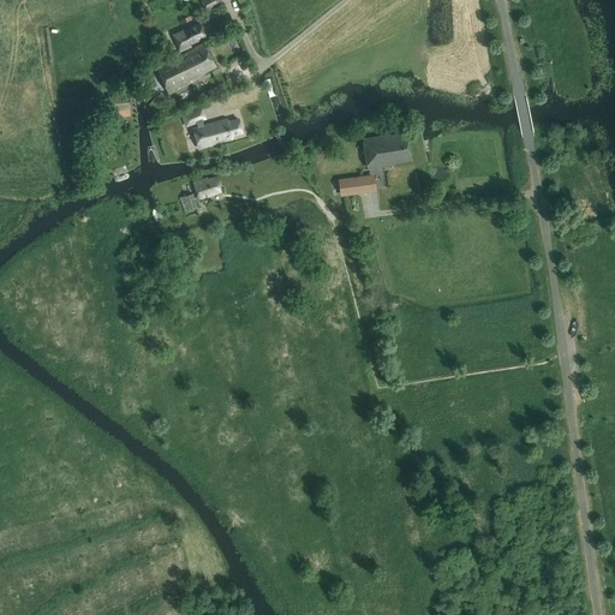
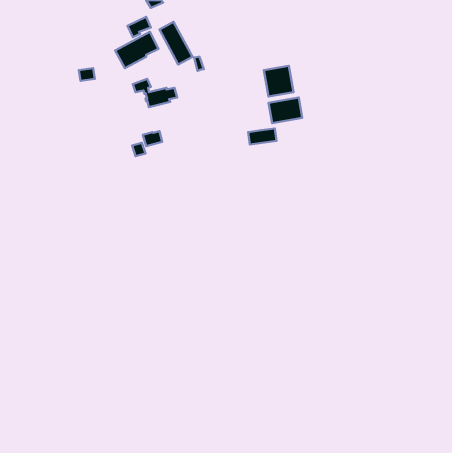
building: none -> [159,22,192,65]
building: none -> [264,66,293,97]

